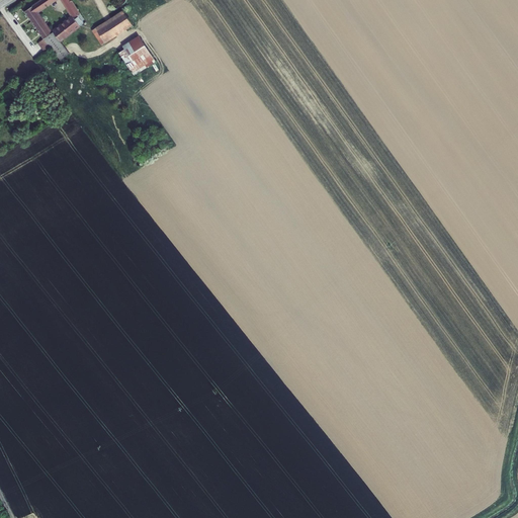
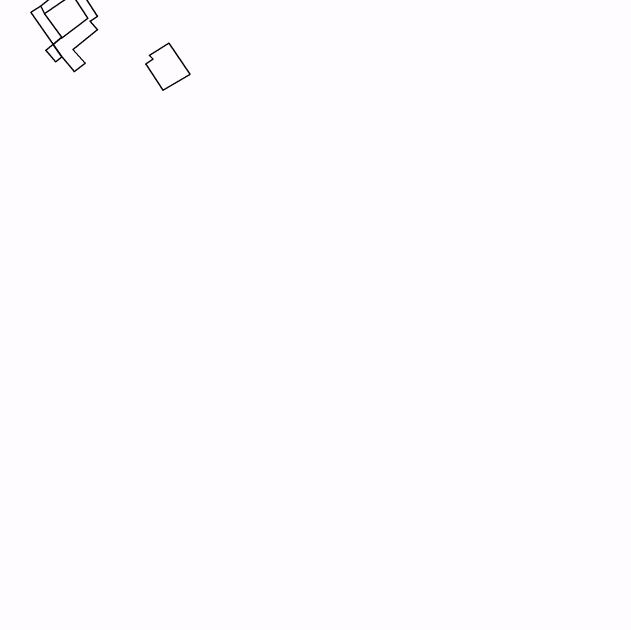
building: [92,10,133,45] -> none

